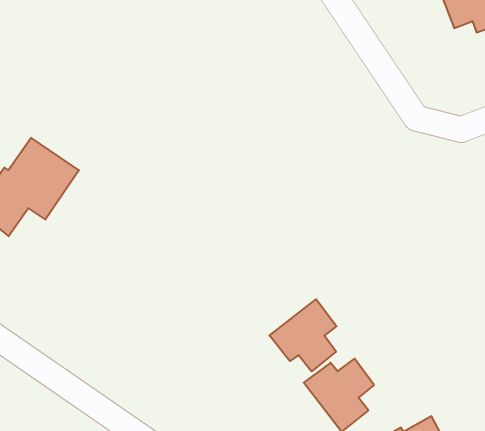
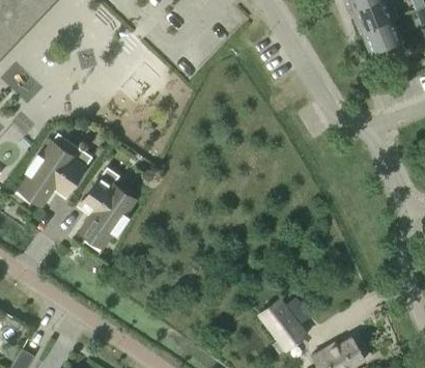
building: none -> [79,166,136,250]
building: [269,299,337,371] -> none

